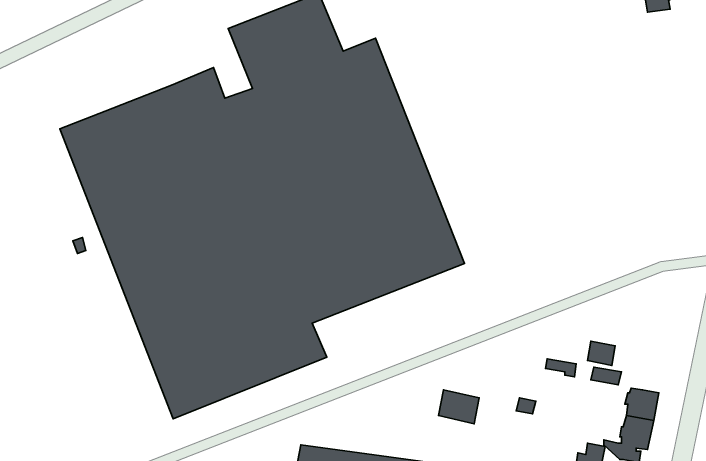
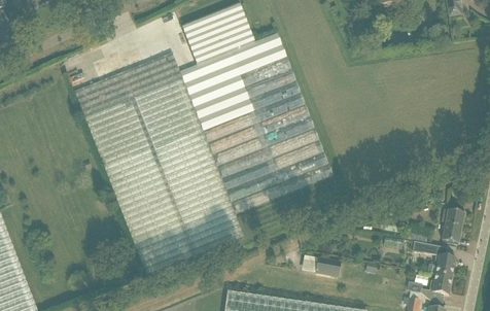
building: none -> [442,208,463,241]

